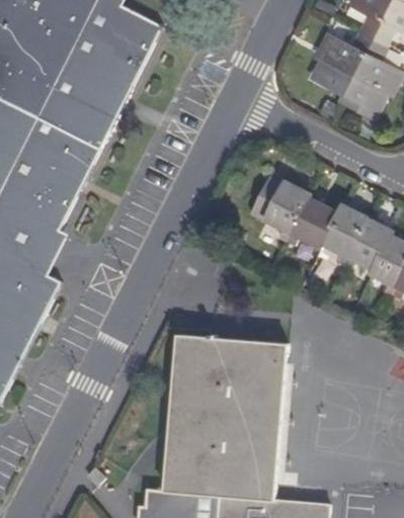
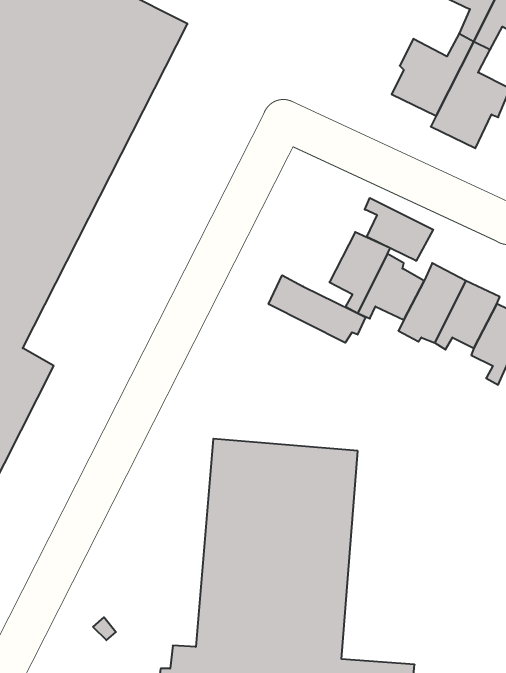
building: none -> [365,198,433,261]
building: none -> [269,275,366,343]

